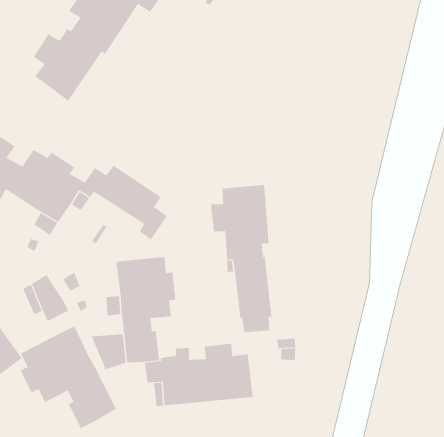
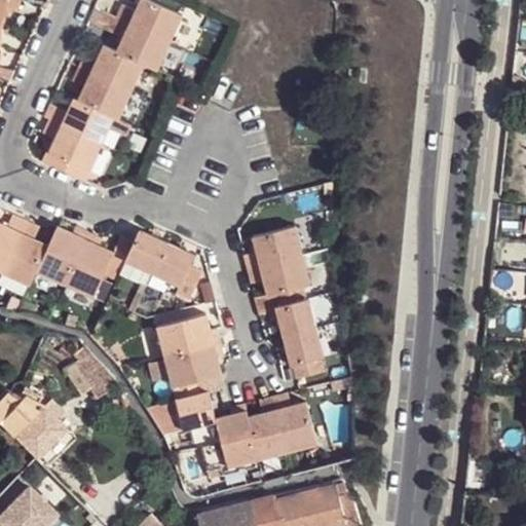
building: [20,325,117,429] -> none

